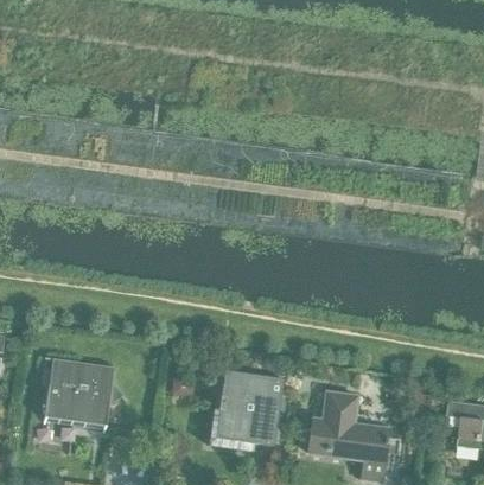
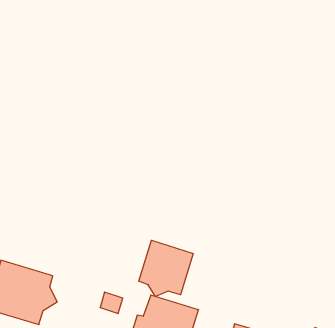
building: none -> [139,240,193,296]

